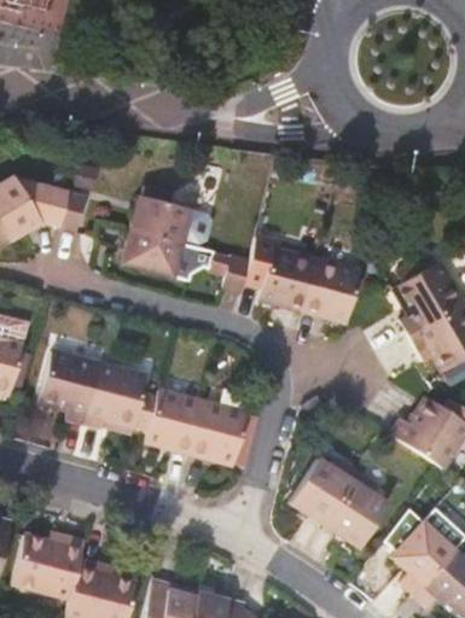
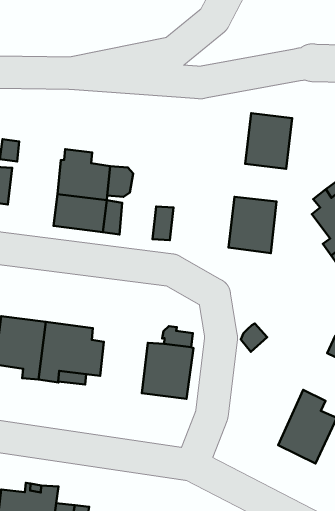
building: [257,247,313,310] -> [245,113,292,169]
building: [144,386,202,450] -> none
building: [289,457,358,524] -> none

